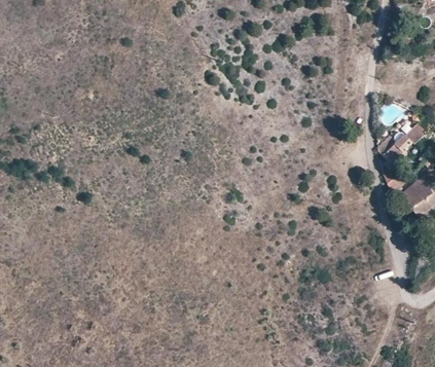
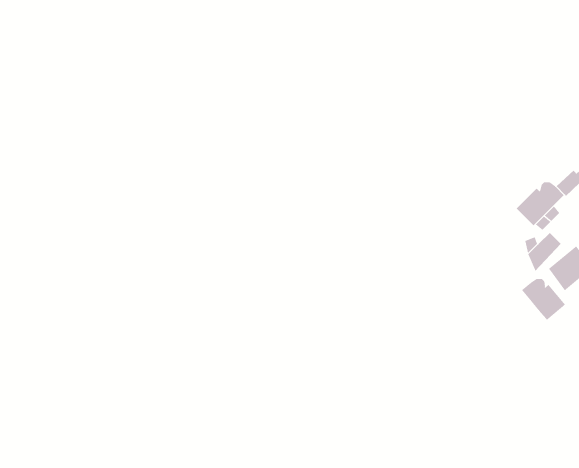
building: none -> [521,278,566,321]

